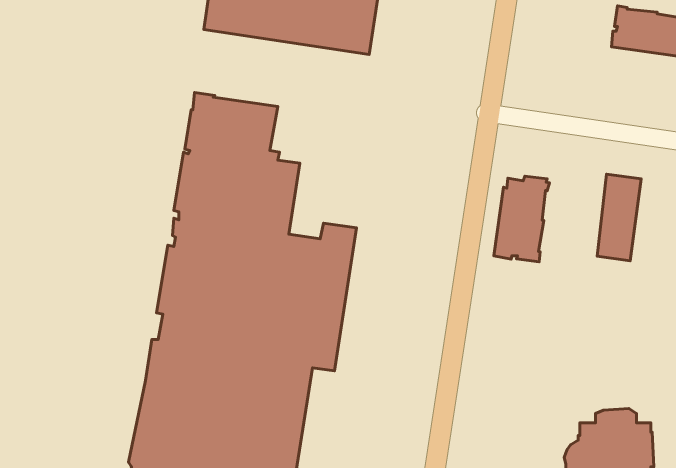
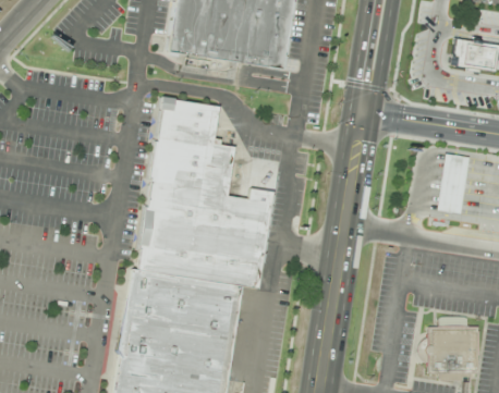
building: [494,176,550,262] -> none

